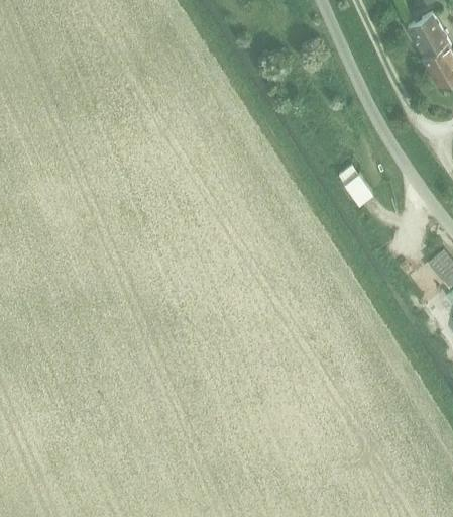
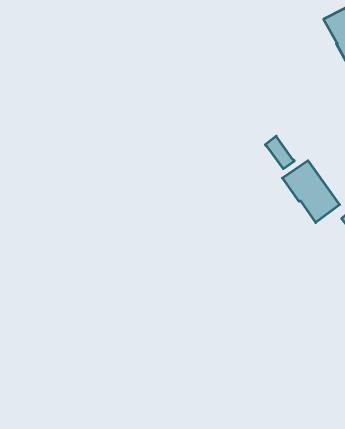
building: none -> [282,161,340,223]

